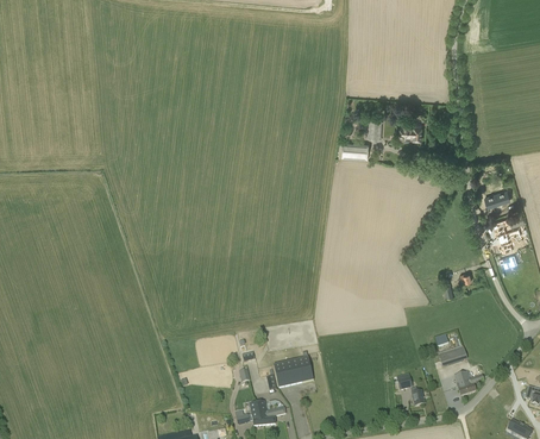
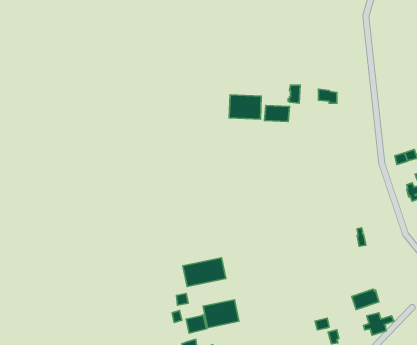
building: none -> [229,95,261,119]
building: none -> [183,258,226,287]

